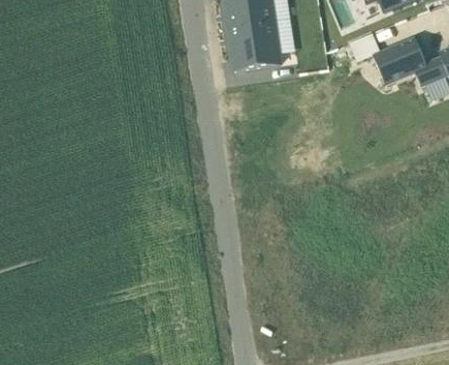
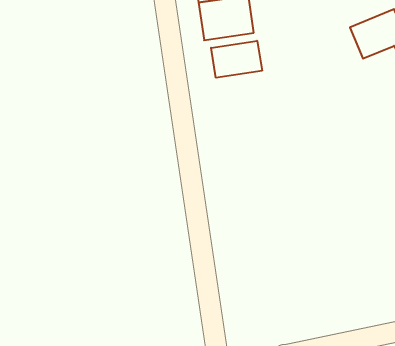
building: none -> [211,41,262,78]

